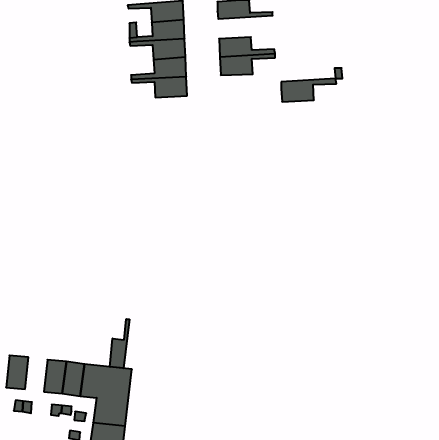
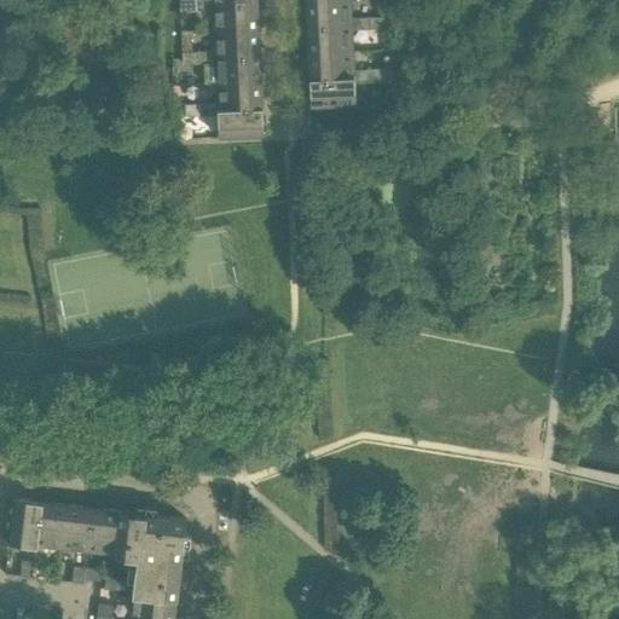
building: [281,79,336,102] -> [308,23,386,56]
building: [110,319,129,368] -> none
building: none -> [37,502,69,550]

